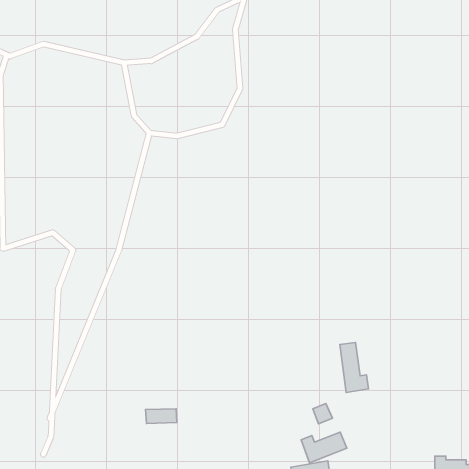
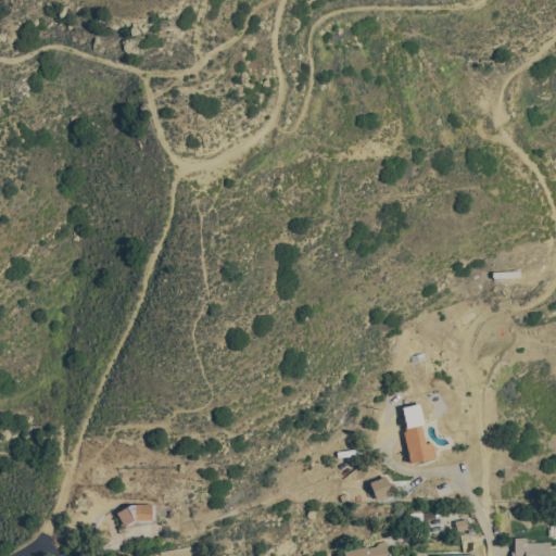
building: [146,409,177,424] -> [119,507,156,525]
building: [301,432,347,463] -> none

